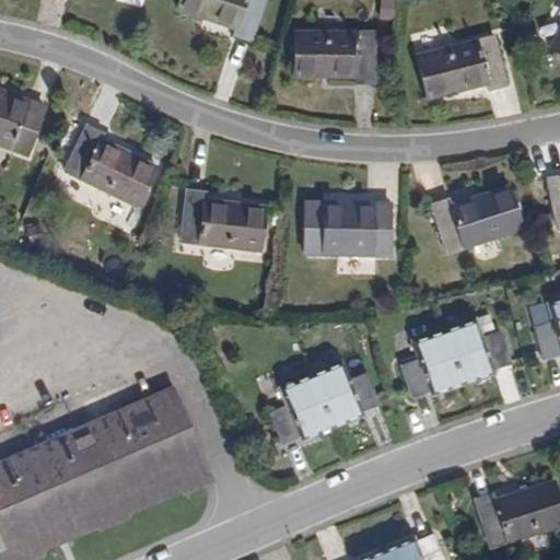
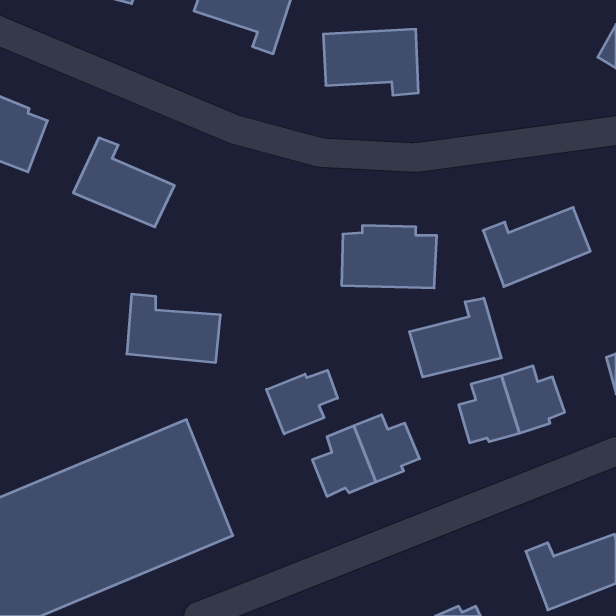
building: [417,25,511,94] -> none
building: [182,189,266,250] -> [127,294,221,362]
building: none -> [409,298,501,377]
building: none -> [266,370,338,434]

